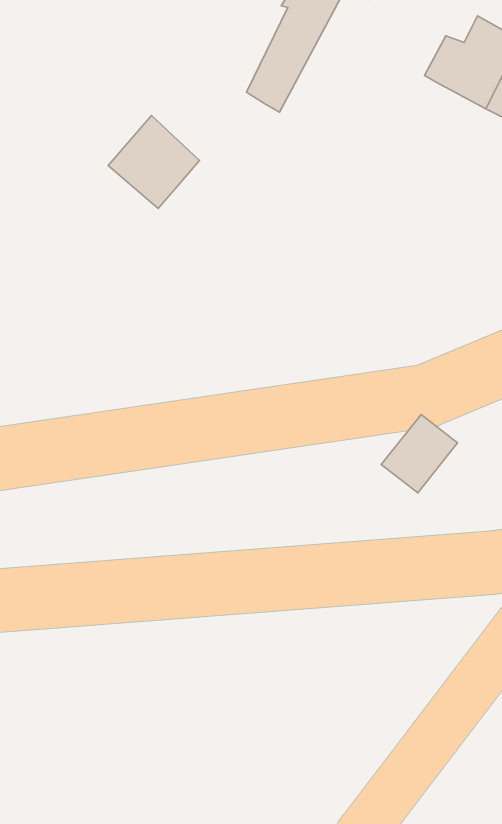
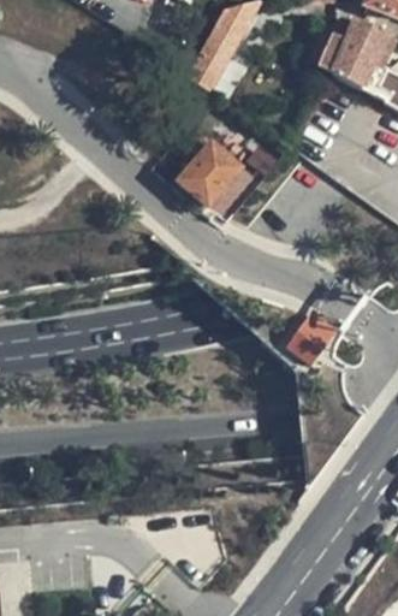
building: [108,116,200,209] -> [174,135,240,202]

